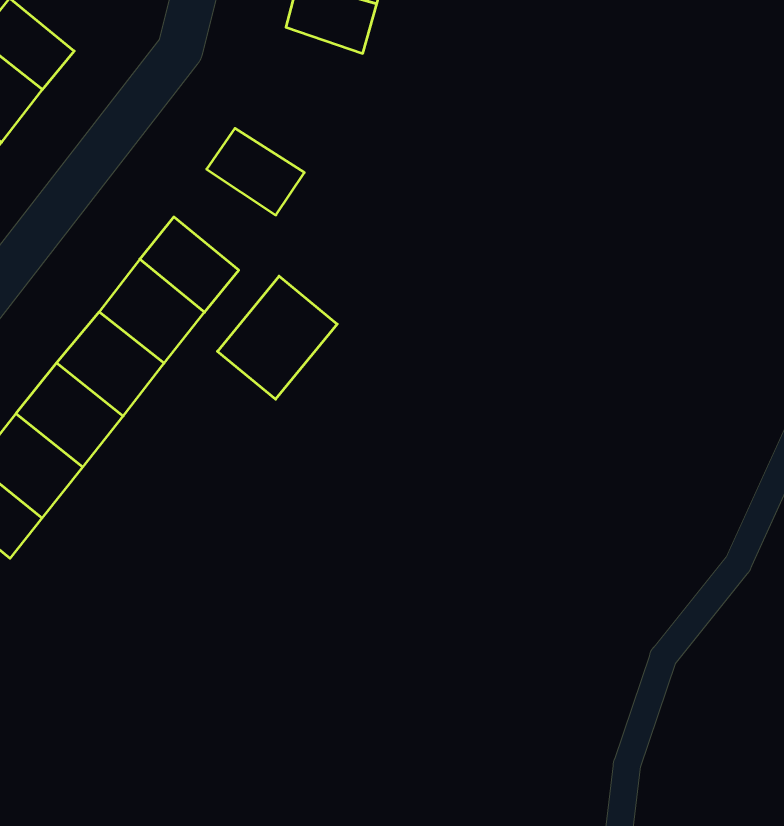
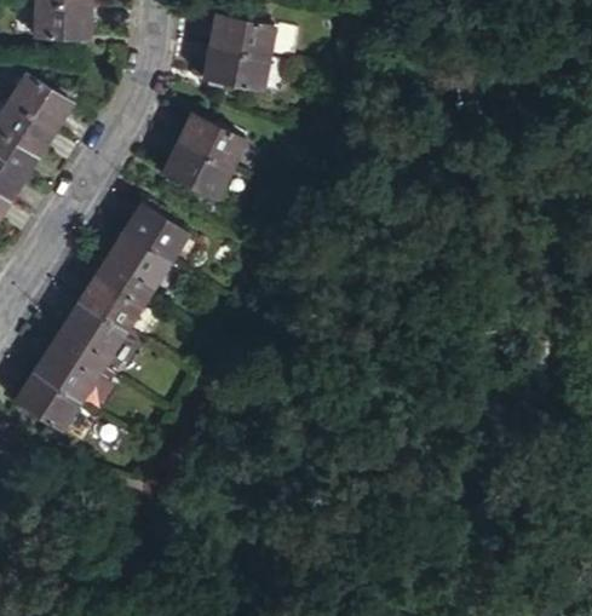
building: none -> [178,115,241,169]
building: [217,276,337,399] -> none

